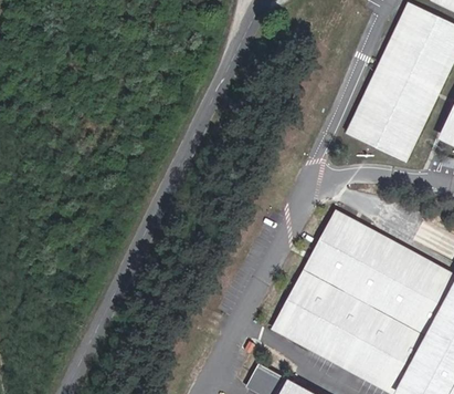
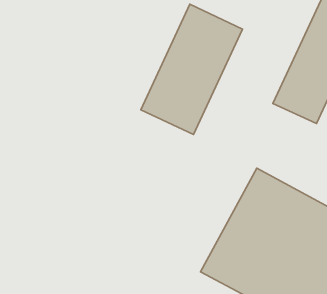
building: none -> [141,4,242,135]

